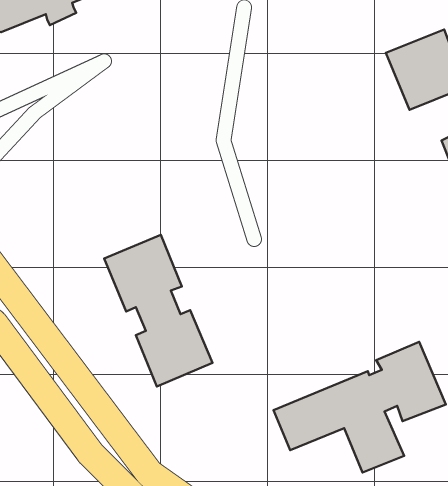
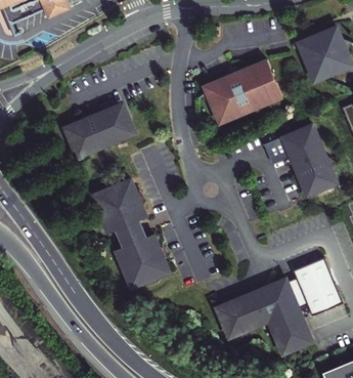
building: none -> [203,62,281,125]
building: none -> [64,102,139,161]
building: none -> [262,123,336,196]

